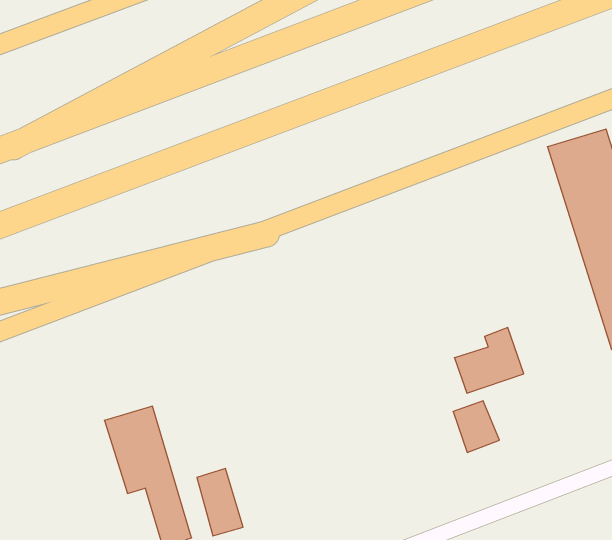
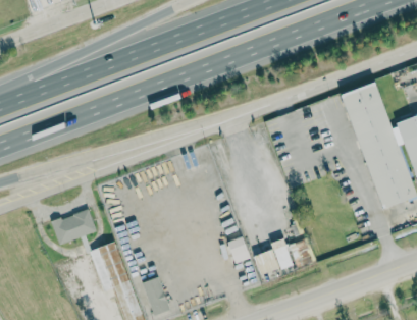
building: [454,327,524,393] -> [253,238,293,276]
building: none -> [50,209,96,245]
building: none -> [226,236,249,263]

